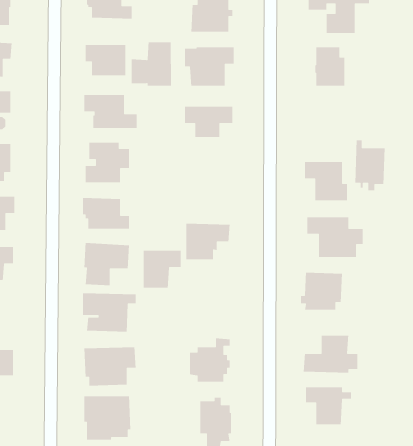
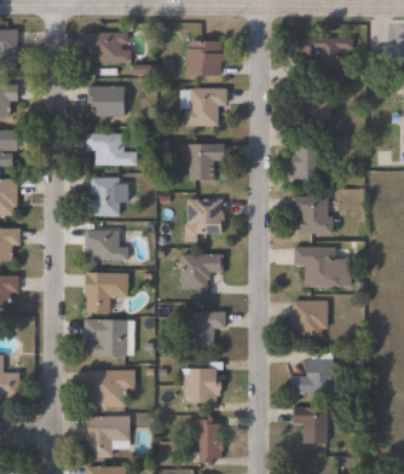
building: [131,42,172,87] -> none
building: [355,140,386,191] -> [293,138,322,186]
building: none -> [184,198,225,236]
building: [143,250,181,288] -> [189,312,225,348]

